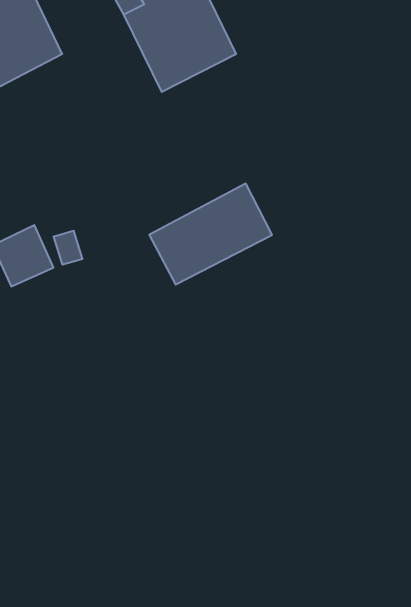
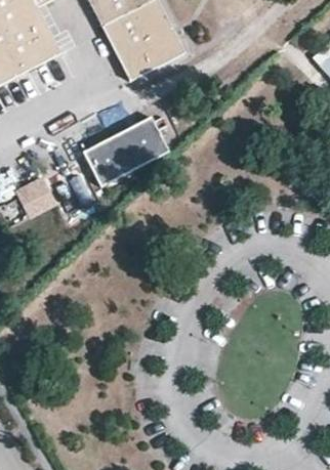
building: [149,184,272,285] -> [79,112,165,182]

